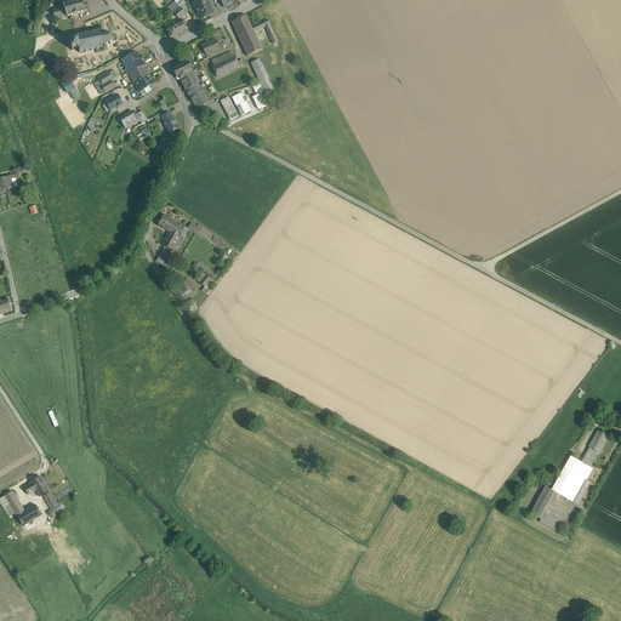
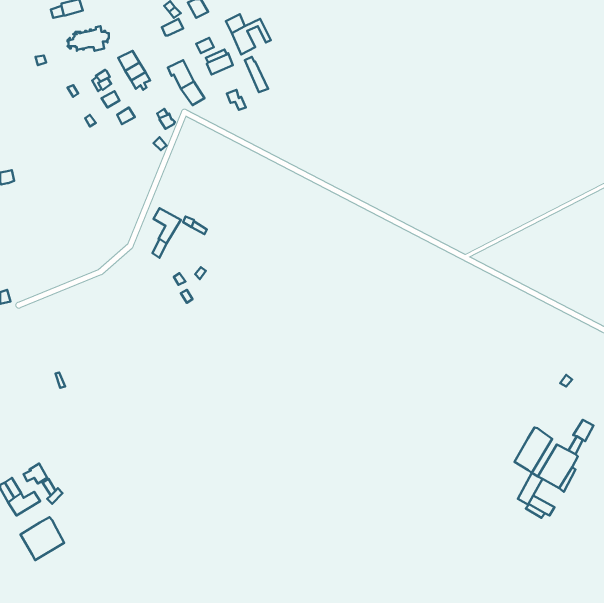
building: none -> [514,428,552,473]
building: none -> [21,517,64,560]

